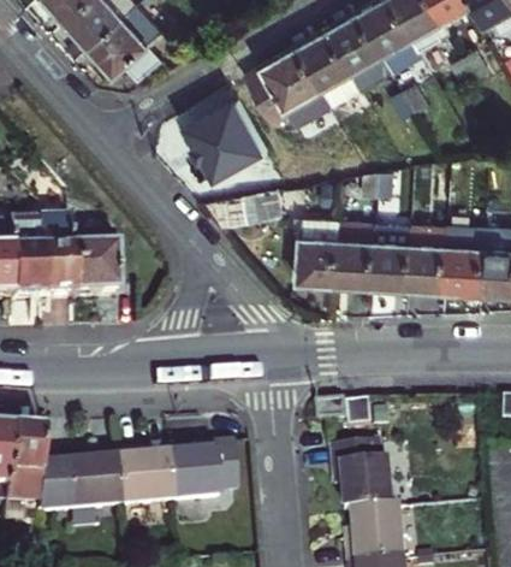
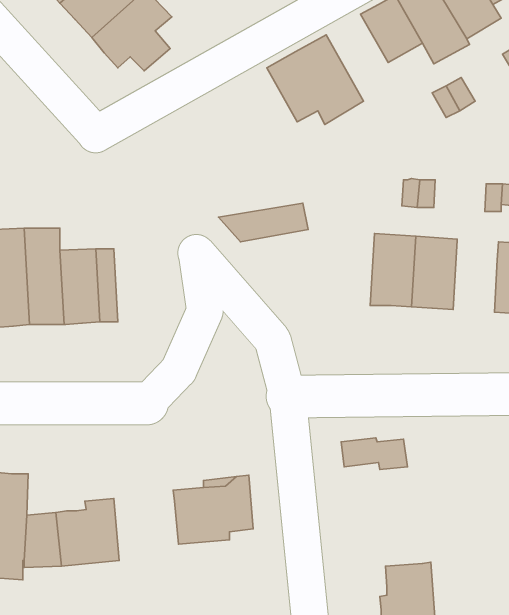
building: [299,29,362,105] -> none
building: [191,100,268,181] -> none
building: [301,217,341,283] -> none
building: [410,226,450,289] -> none
building: [325,442,384,512] -> none
building: [114,450,171,506] -> none

